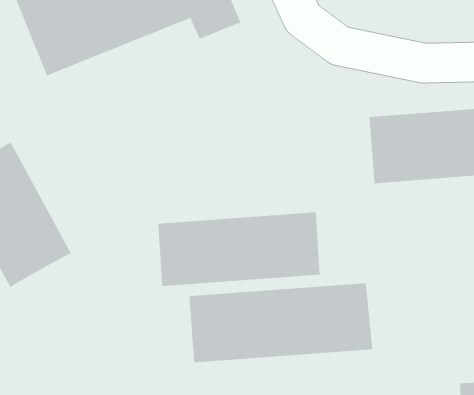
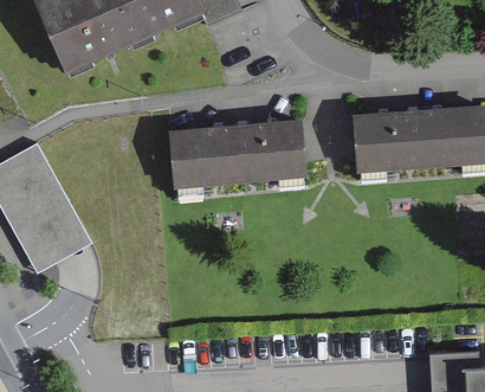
building: [158,212,321,287] -> [168,118,315,186]
building: [189,283,373,363] -> none

